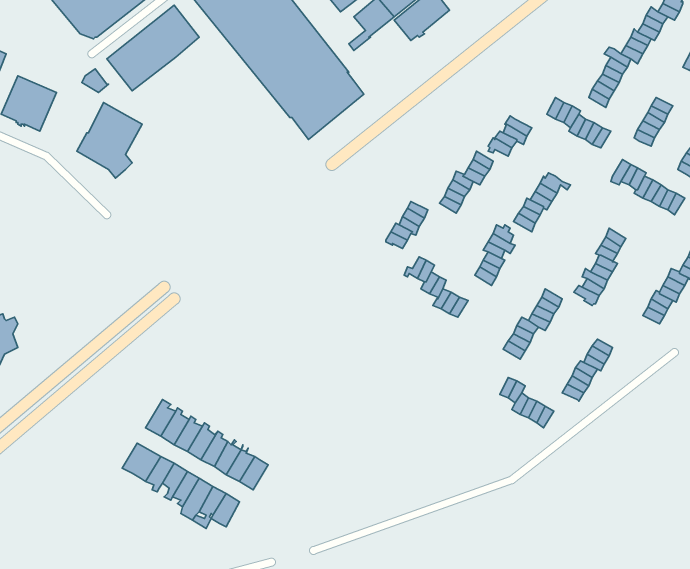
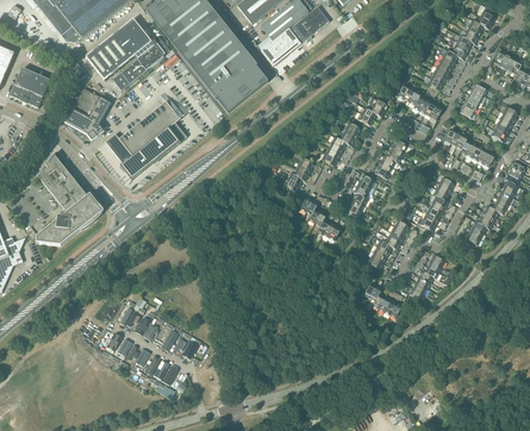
building: none -> [261,27,301,65]
building: none -> [112,39,169,90]
building: none -> [105,101,187,180]
building: none -> [36,154,101,245]

